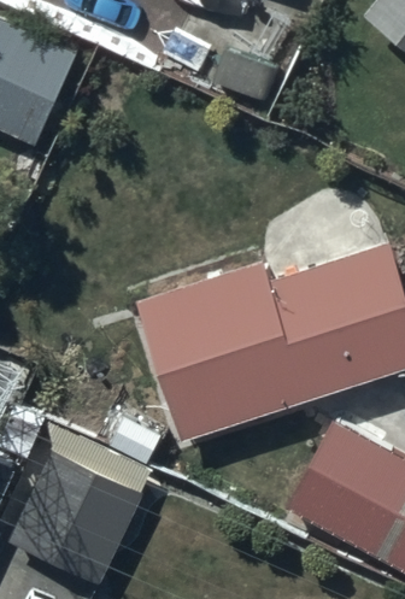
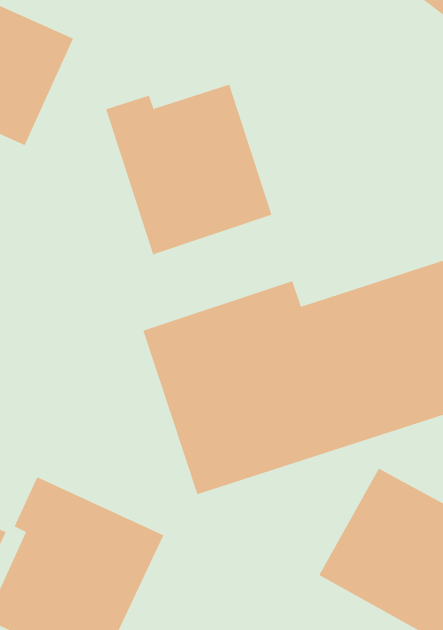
building: none -> [106,84,272,255]

